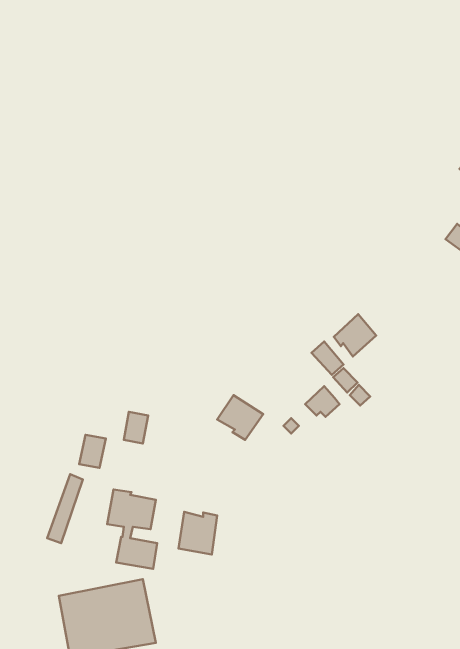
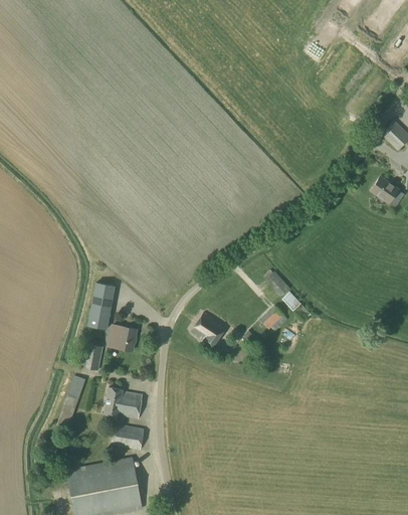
building: [334,314,376,356] -> none
building: none -> [88,283,116,330]
building: [179,512,217,555] -> none

